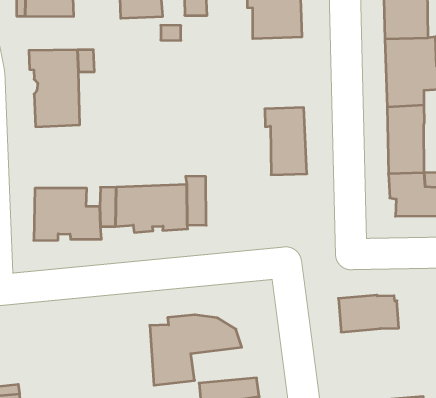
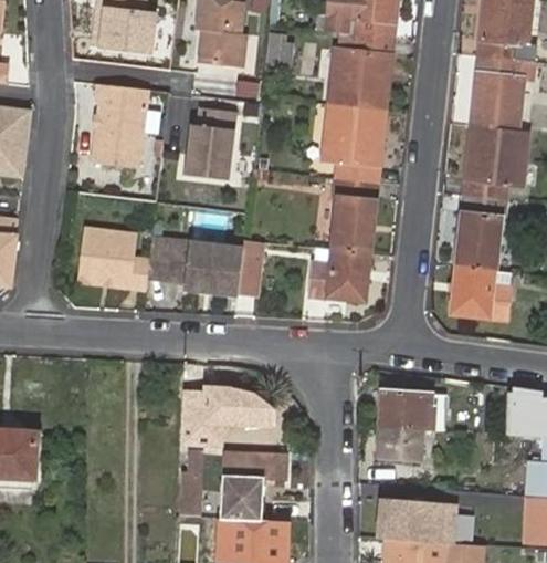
building: none -> [323,105,385,185]
building: none -> [181,107,233,180]
building: none -> [295,247,369,300]
building: none -> [379,425,423,460]

